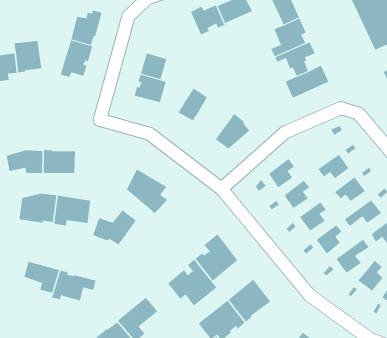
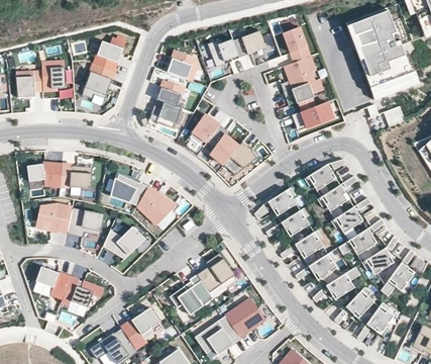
building: none -> [168,50,197,81]
building: none -> [208,125,238,165]
building: none -> [304,166,334,189]
building: none -> [110,174,148,206]

